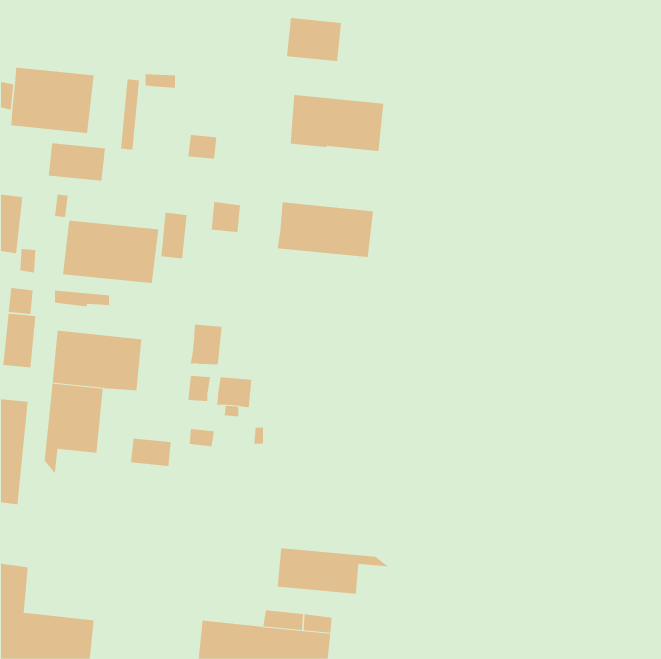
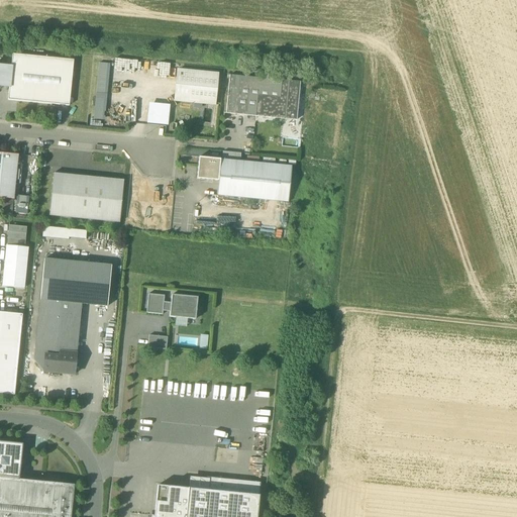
building: [286,18,342,62] -> [175,69,218,103]
building: [48,143,105,181] -> none
building: [211,201,241,232] -> [197,156,220,180]
building: [161,212,187,259] -> none
building: [190,324,222,365] -> none
building: [130,438,172,467] -> [43,350,76,373]
building: [277,547,391,594] -> none

